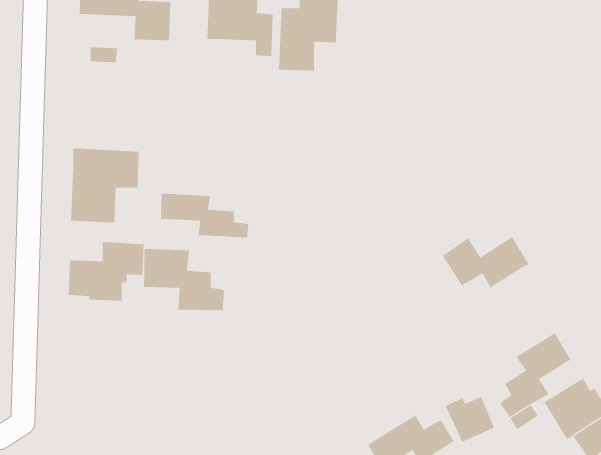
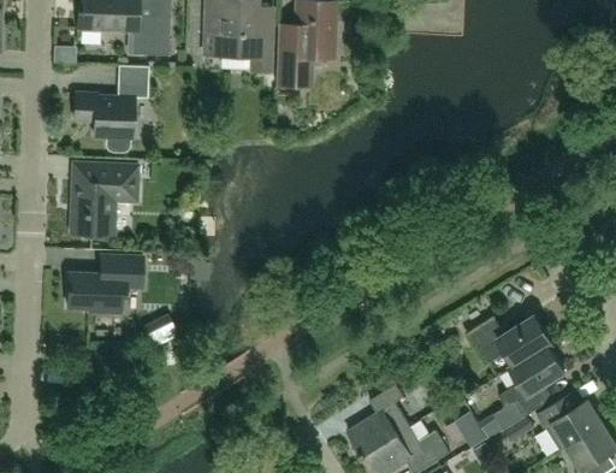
building: none -> [75,81,148,154]
building: [161,193,249,238] -> none
building: [442,236,529,291] -> [467,315,553,369]
building: [144,248,224,311] -> none
building: none -> [348,384,411,456]

